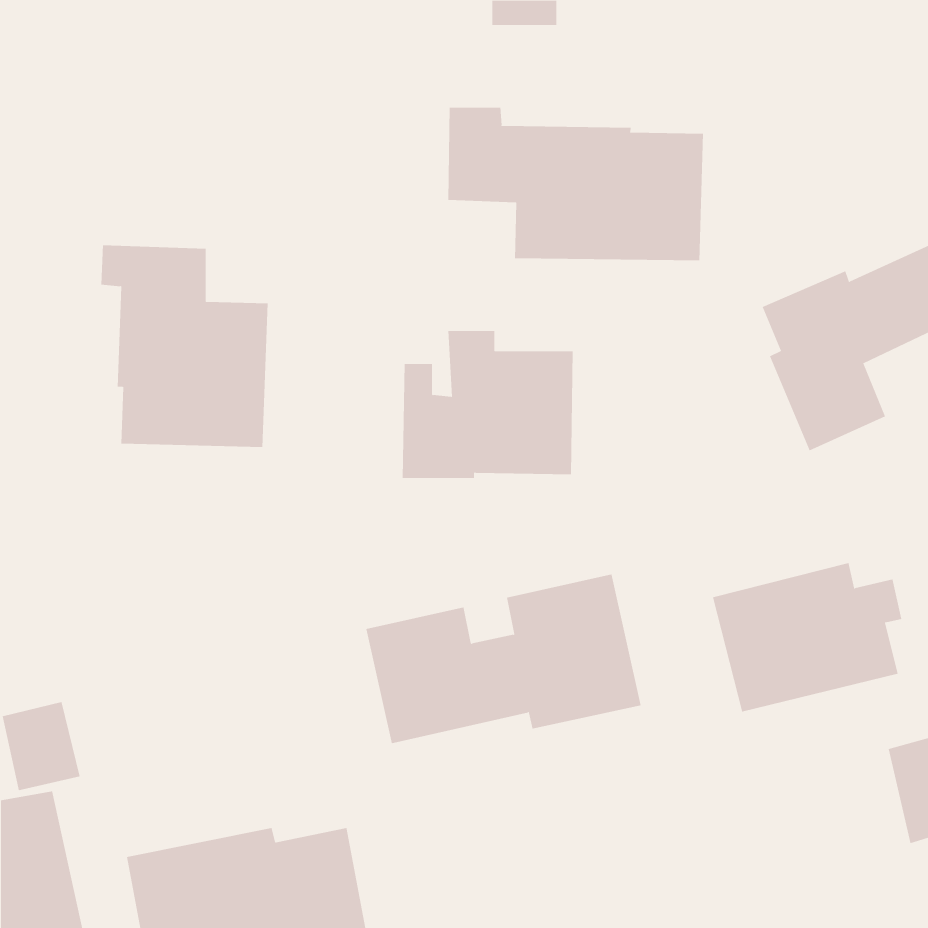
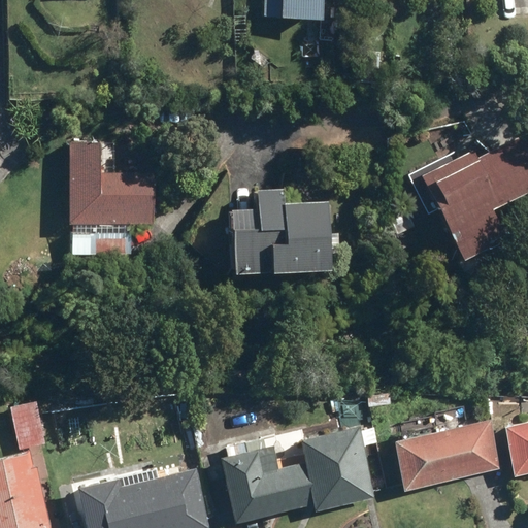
building: [448,107,703,261] -> none
building: [712,562,902,712] -> [388,408,495,493]
building: [366,574,641,744] -> [222,426,377,522]

